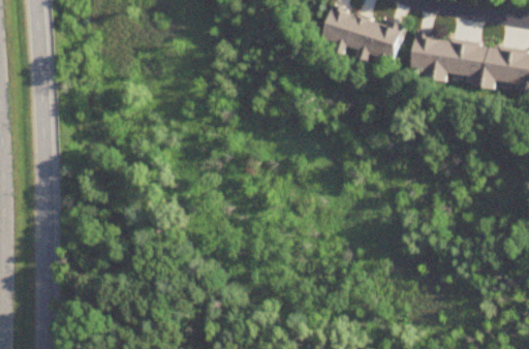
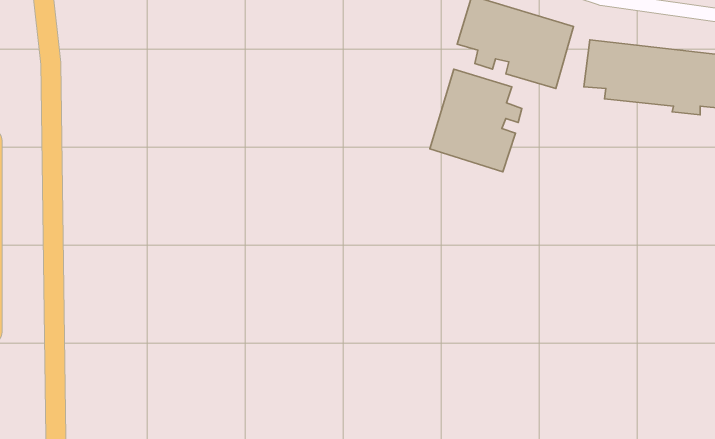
building: none -> [430,69,522,172]

